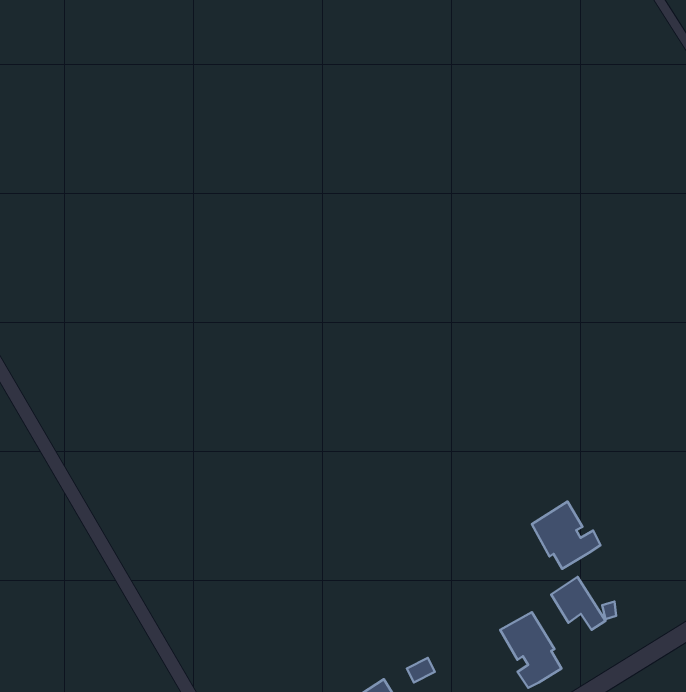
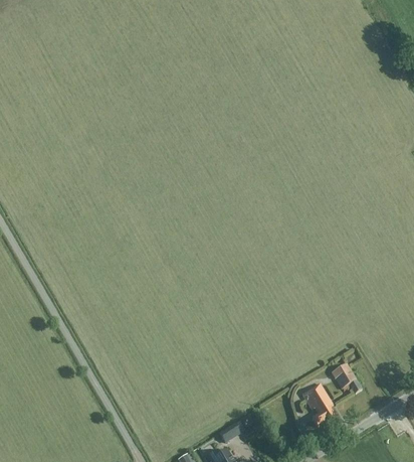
building: [532,502,600,569] -> none

